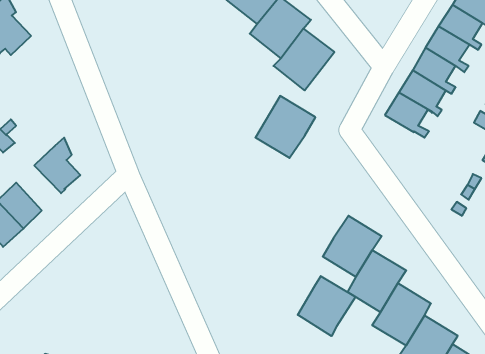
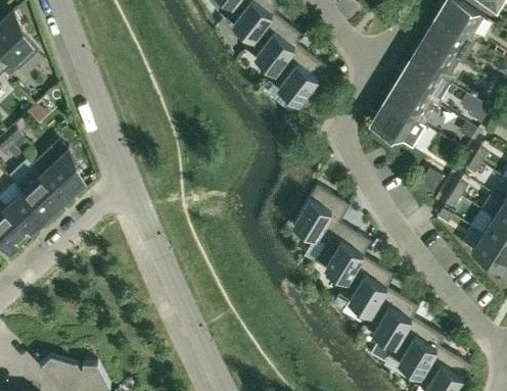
building: [255,96,315,158] -> [290,187,348,246]
building: none -> [13,169,63,219]
building: [298,276,356,336] -> none

